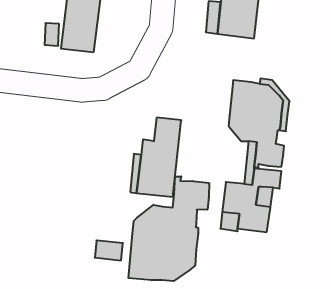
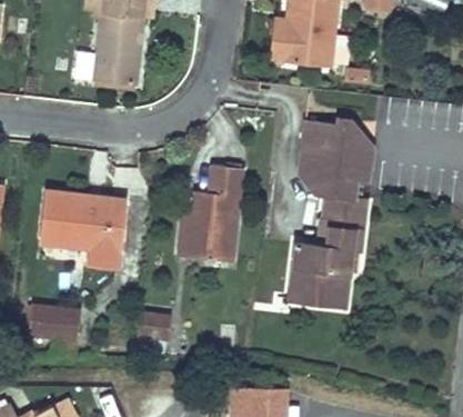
building: none -> [42,193,124,267]
building: [128,176,209,281] -> none
building: none -> [32,307,78,338]

